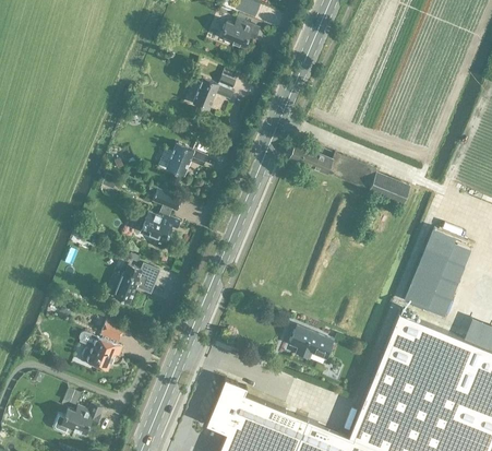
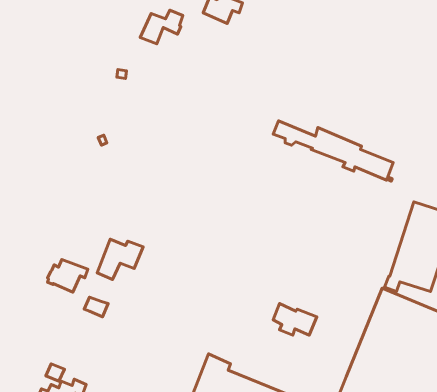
building: [192,75,235,109] -> [140,10,183,44]
building: [166,144,206,176] -> none
building: [140,189,181,250] -> none
building: [82,337,122,370] -> [48,259,88,292]

